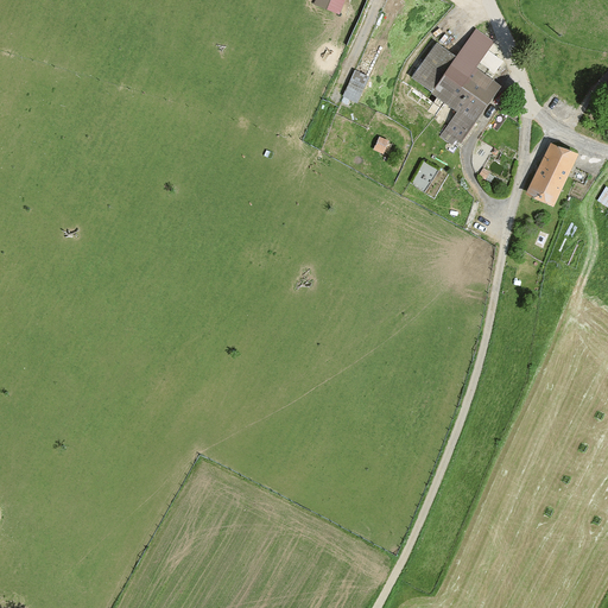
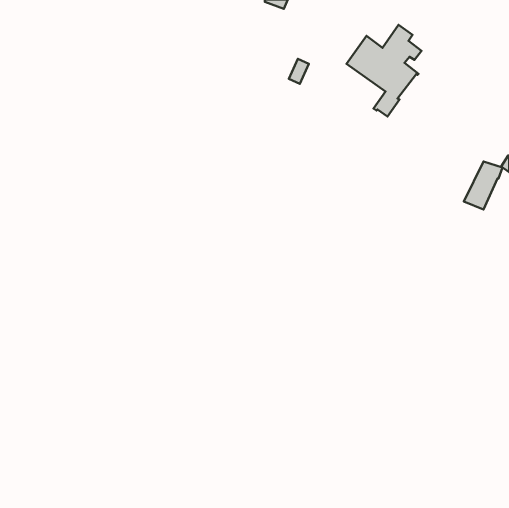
building: [528,145,575,202] -> [464,162,503,209]

